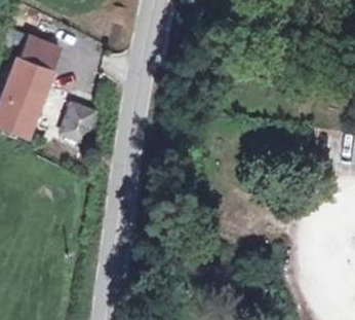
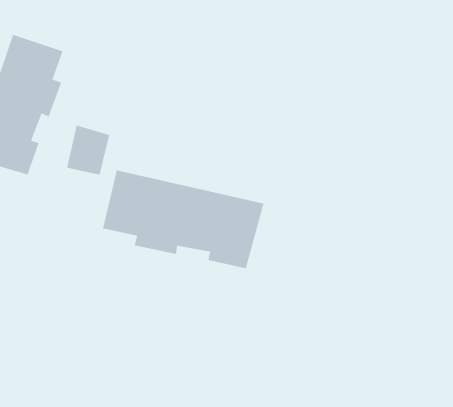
building: none -> [102,170,265,269]

